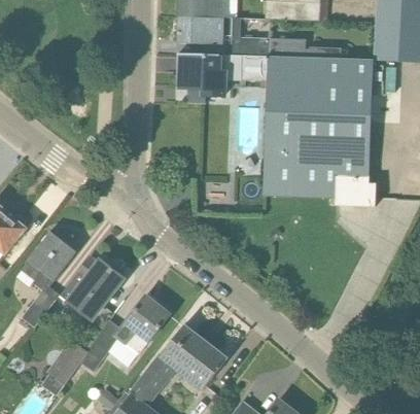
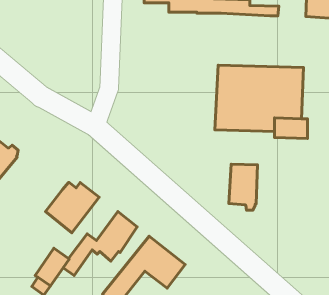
building: [177,54,242,101] -> none
building: [268,55,372,120] -> none
building: [22,232,76,326] -> none
building: none -> [229,164,257,210]

